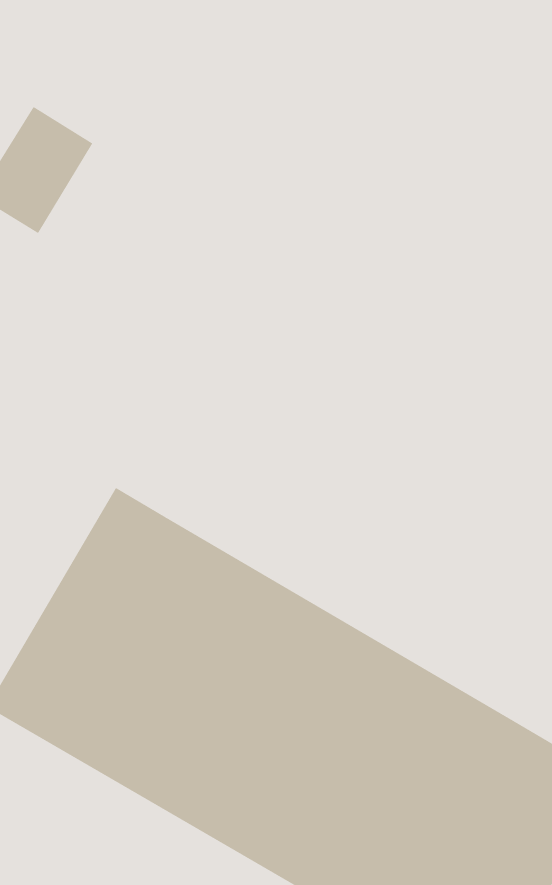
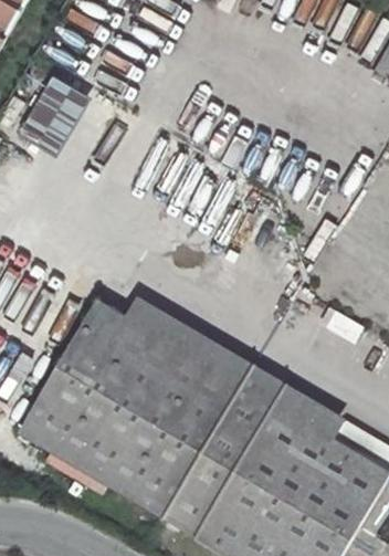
building: none -> [125,296,346,441]

